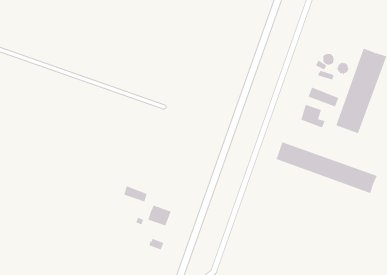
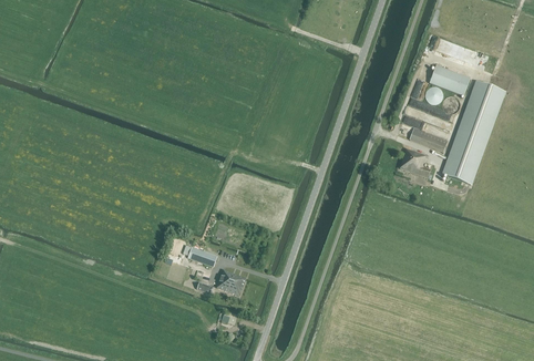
building: none -> [428,65,469,95]
building: [276,142,378,194] -> none

